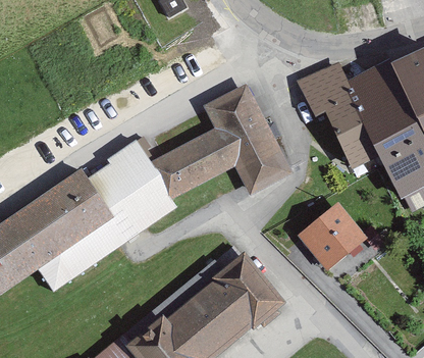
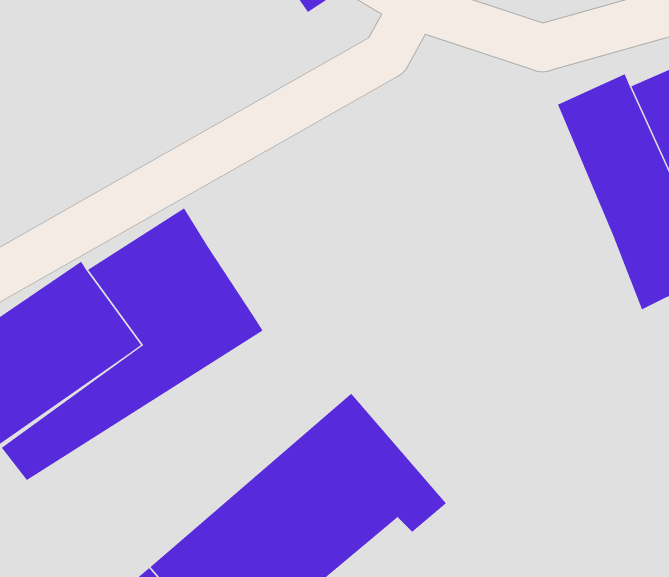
building: [299,62,379,168] -> none
building: [155,81,292,198] -> none
building: [302,202,374,274] -> none

